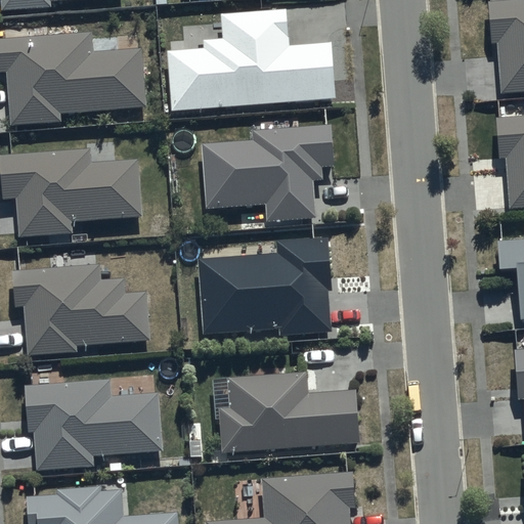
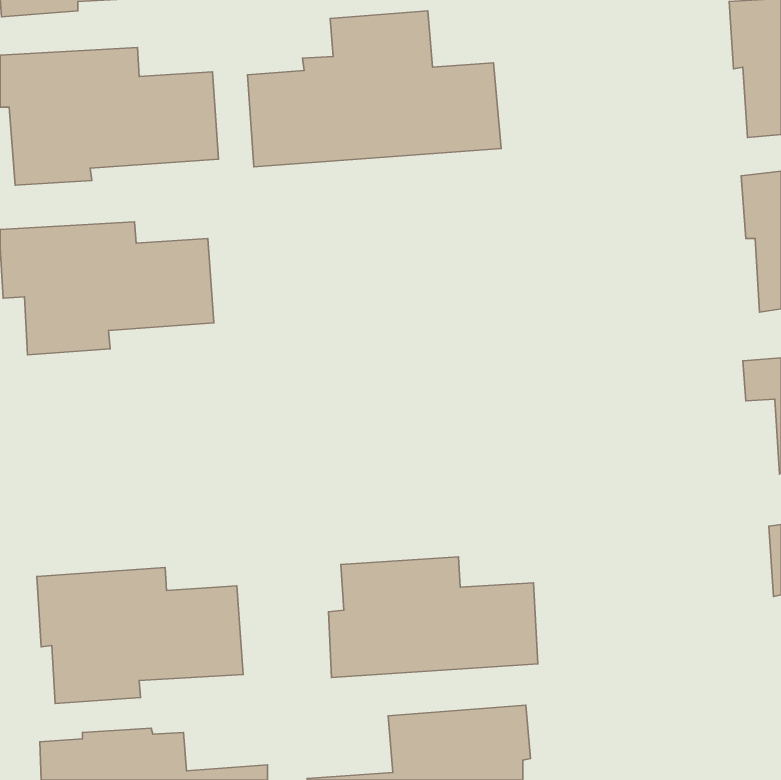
building: [203,126,334,223] -> none
building: [200,237,334,336] -> none
building: [13,266,150,357] -> none

